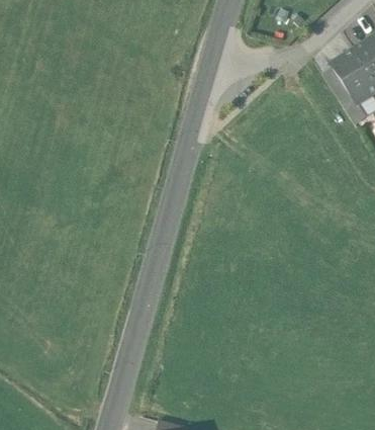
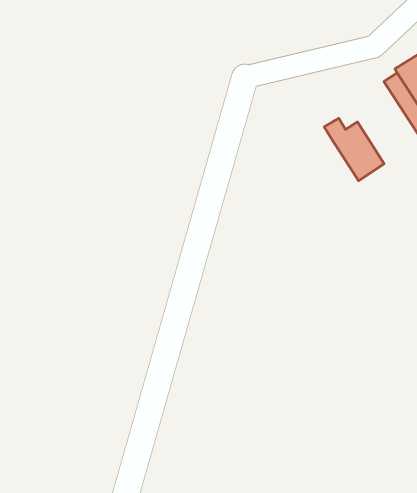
building: none -> [324,118,384,181]

